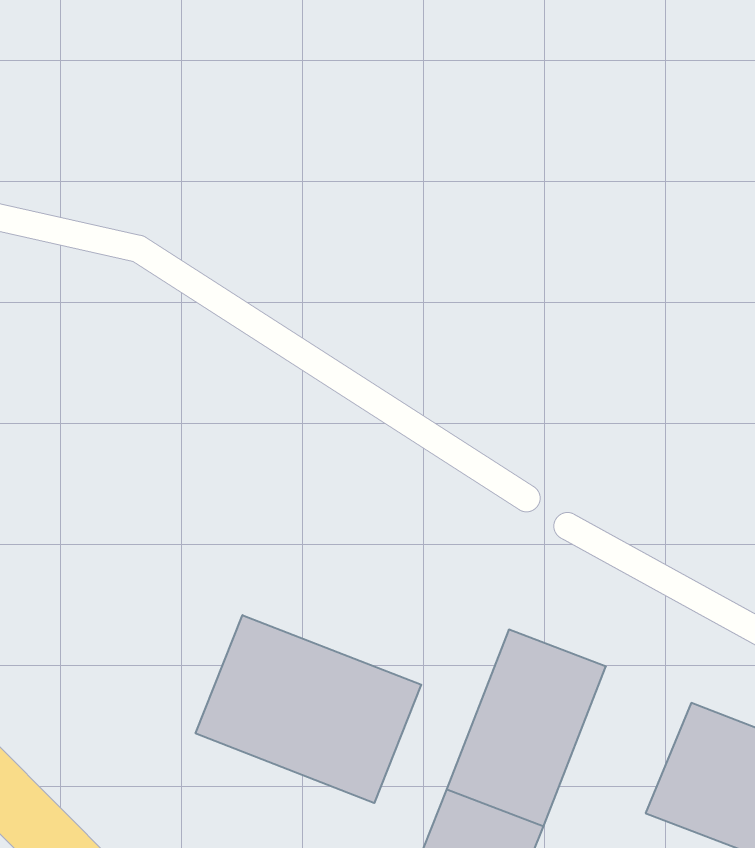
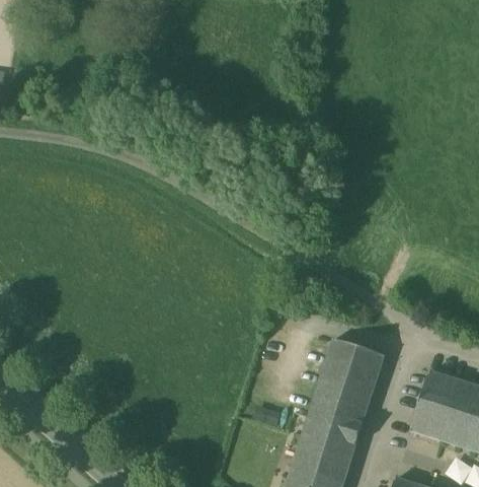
building: [196,615,421,803] -> none

